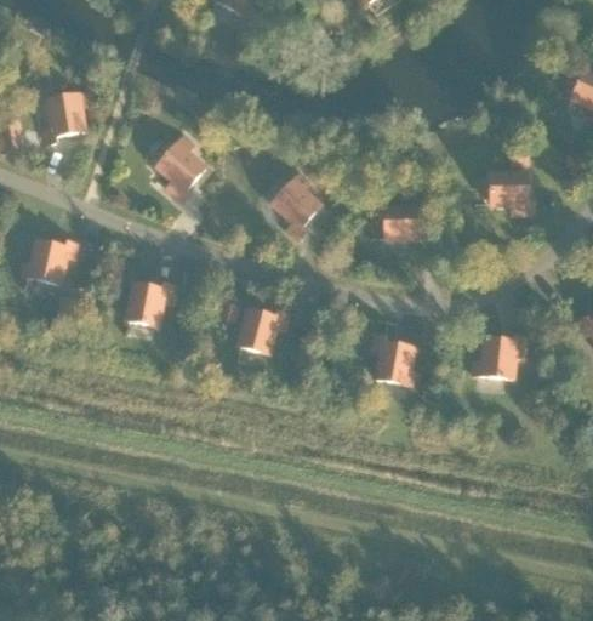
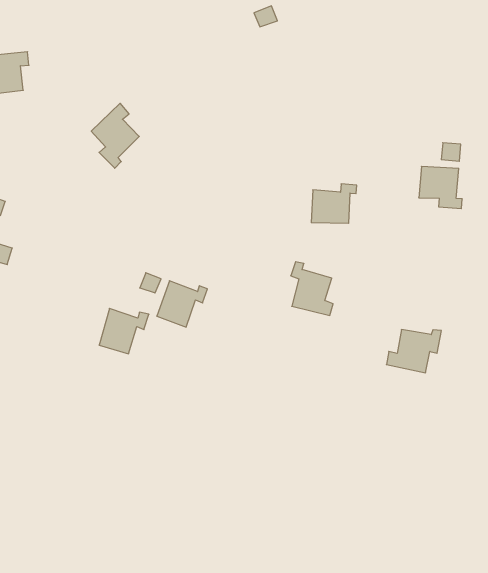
building: [272,172,320,238] -> none
building: [126,281,173,325] -> [99,308,149,354]
building: [372,334,417,384] -> [291,262,333,315]

